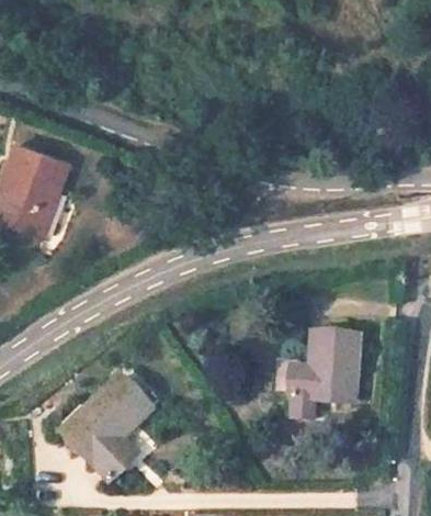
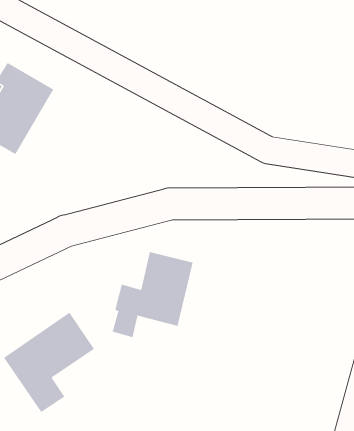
building: [291,333,360,419] -> [112,252,194,338]

